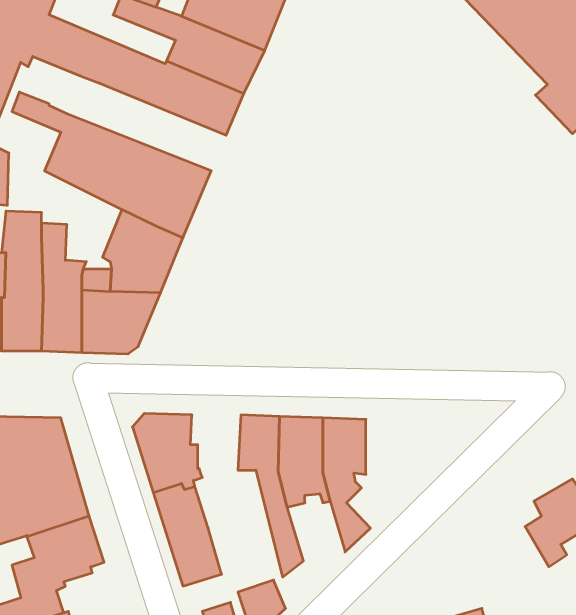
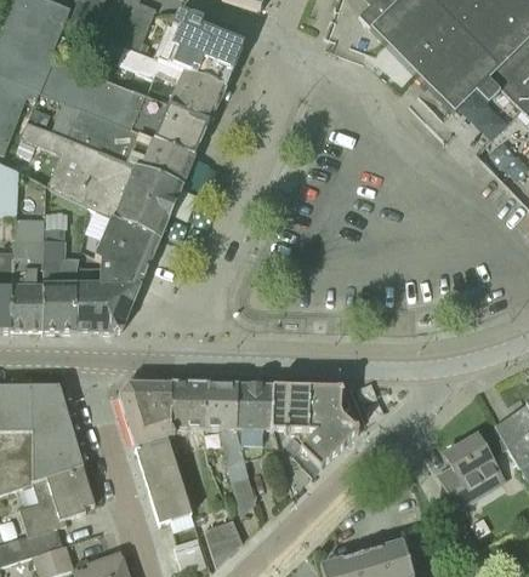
building: none -> [50,107,194,184]
building: none -> [165,382,206,428]
building: none -> [292,387,358,475]

